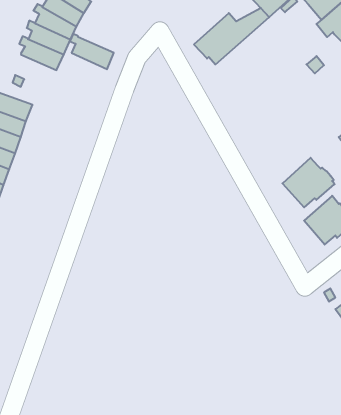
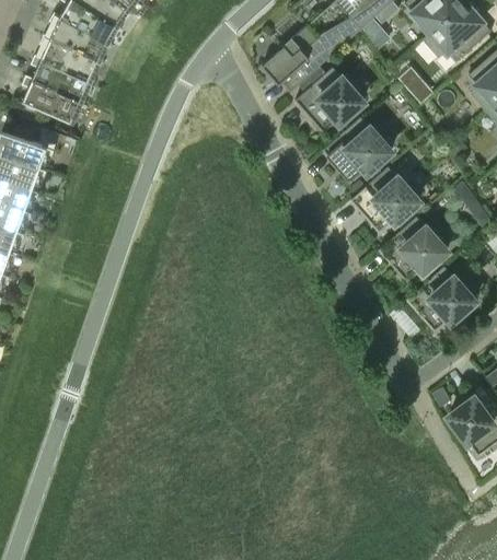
building: [70,34,114,69] -> [22,75,80,122]
building: none -> [296,68,363,132]
building: none -> [323,117,392,183]
building: none -> [351,167,419,232]

